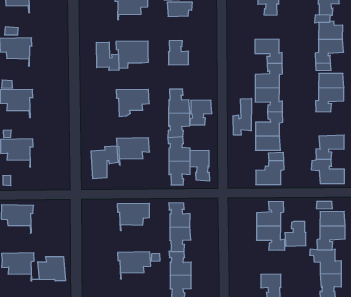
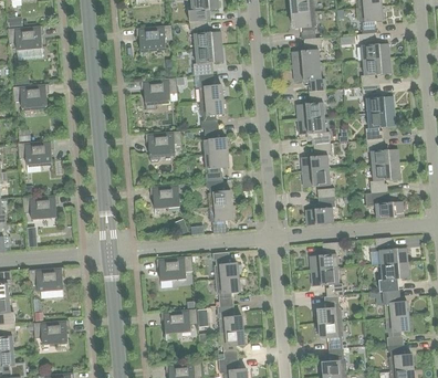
building: none -> [291,38,322,66]
building: none -> [194,46,223,75]
building: [96,42,119,70] -> none
building: [233,98,251,135] -> none
building: [190,100,212,125] -> [200,99,225,128]
building: none -> [366,139,399,167]
building: [91,146,118,179] -> none
building: [190,150,210,181] -> none
building: [285,221,306,246] -> [317,295,342,324]
building: [32,257,65,281] -> none

